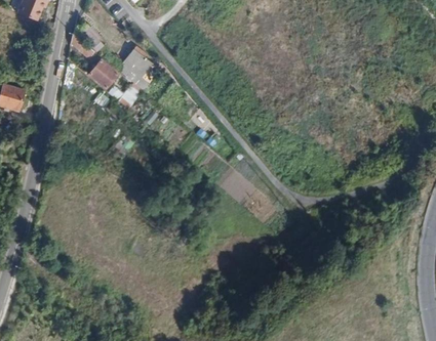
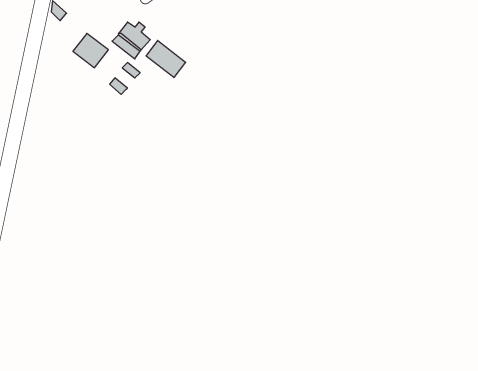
building: none -> [146,40,186,78]

